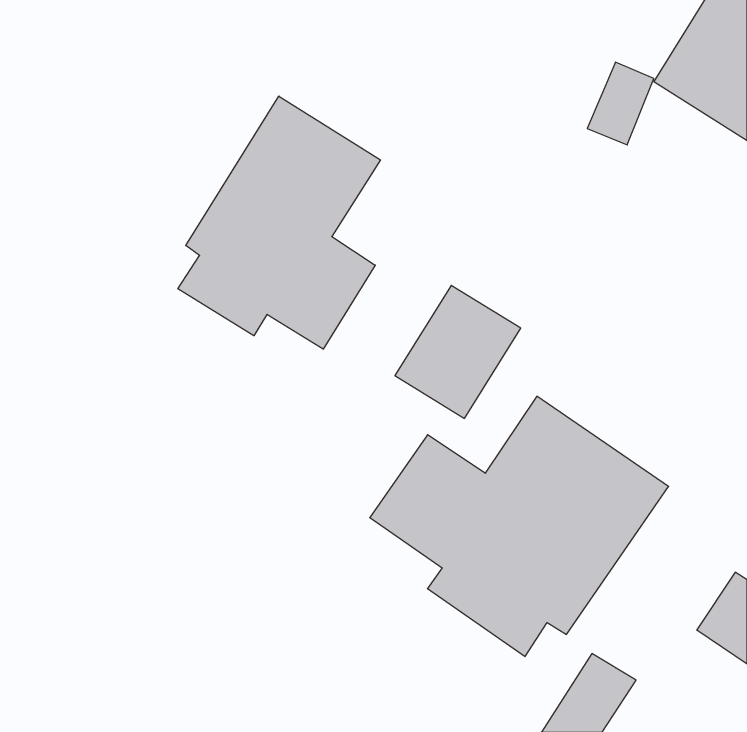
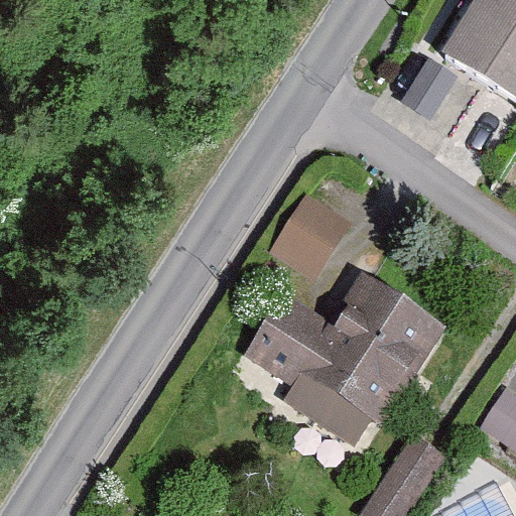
building: [178,96,380,349] -> none

